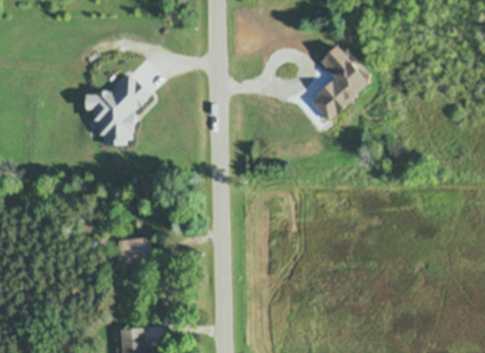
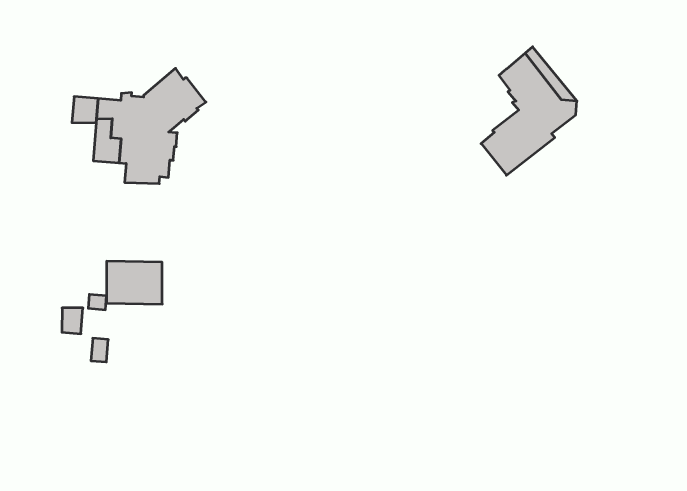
building: [117,237,152,263] -> [107,261,162,304]

